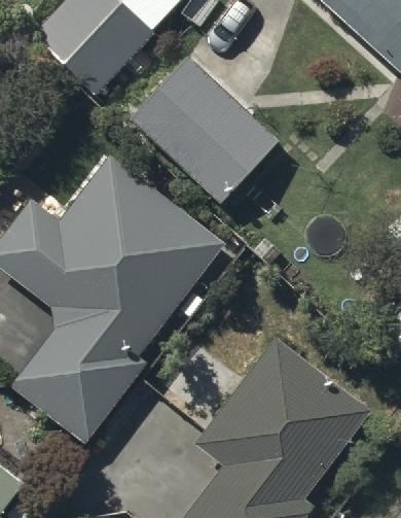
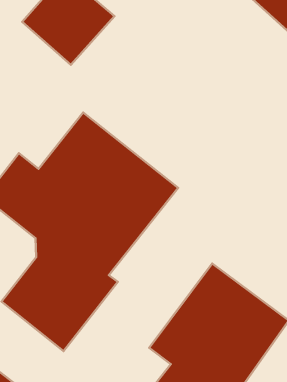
building: [131,55,280,209] -> none

